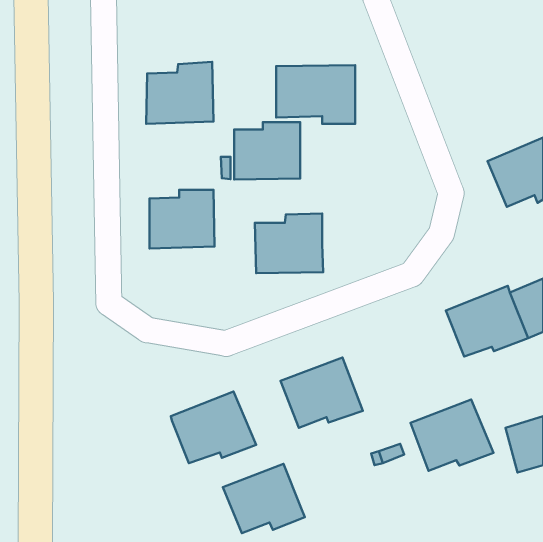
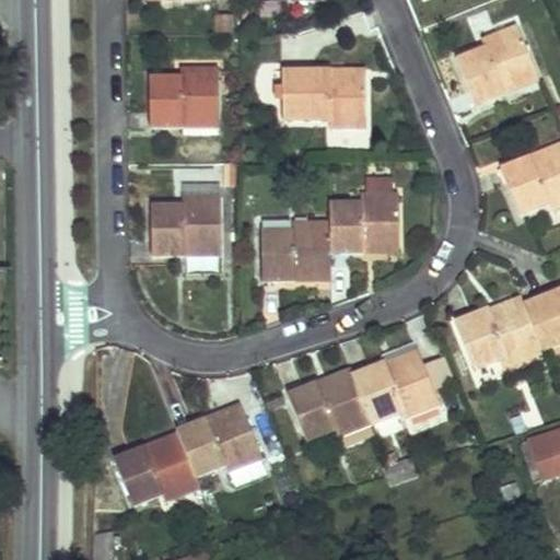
building: none -> [455,22,538,105]
building: [234,122,300,180] -> [330,191,398,250]
building: [410,399,494,471] -> [353,348,439,421]
building: [223,464,305,533] -> [114,431,198,502]

